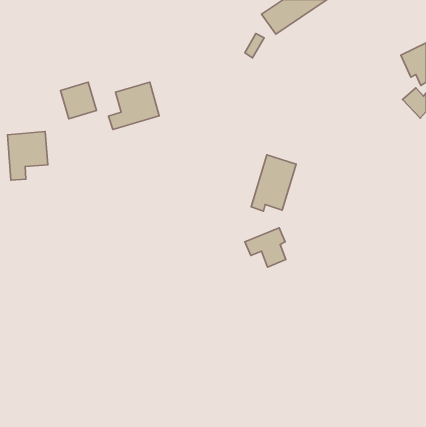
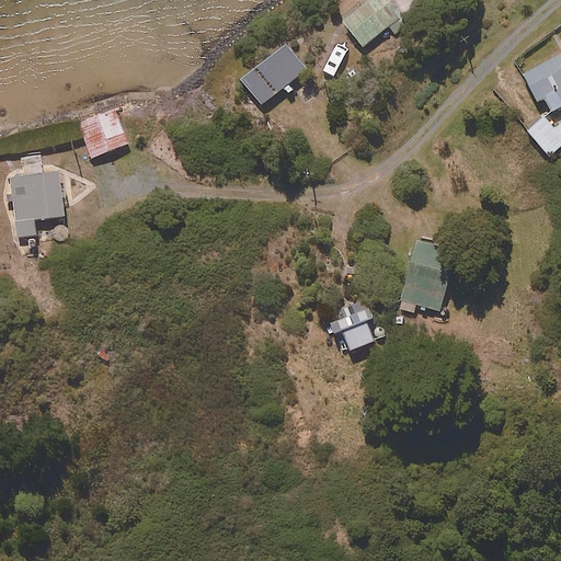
building: none -> [253,44,305,94]
building: [108,82,159,130] -> none
building: [251,155,296,211] -> [398,239,457,312]

